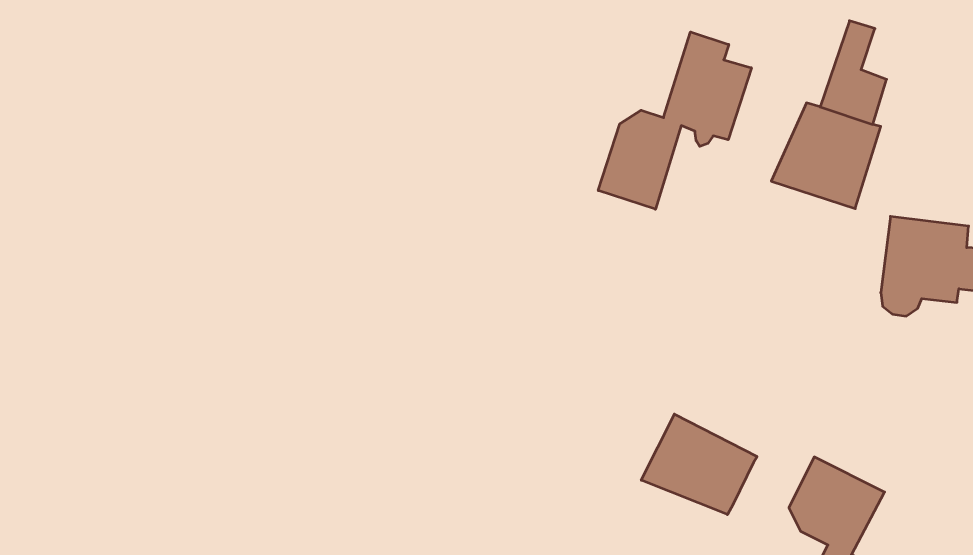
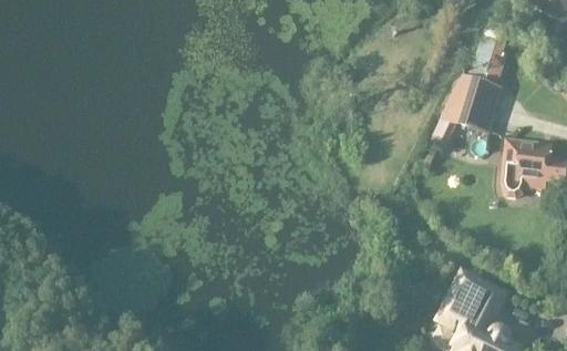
building: [598,32,751,209] -> none
building: [641,414,757,515] -> none

